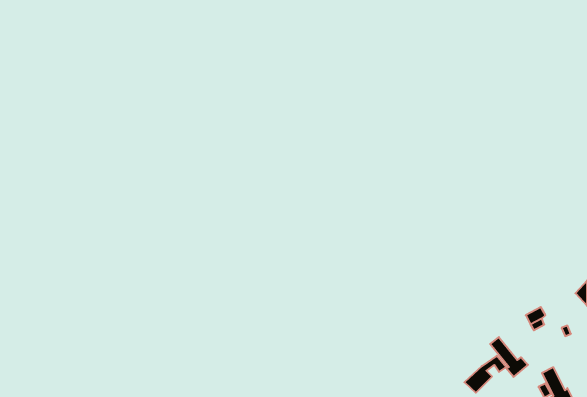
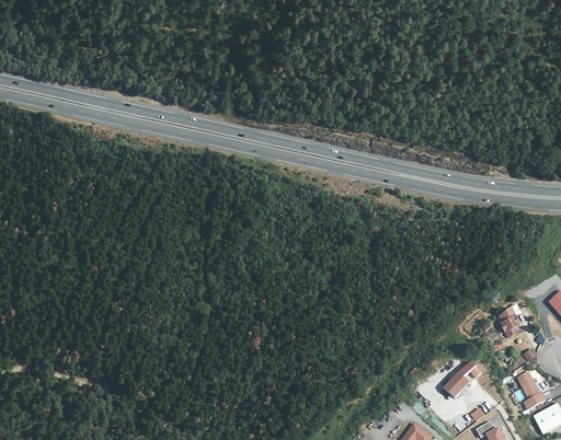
building: [490,337,528,377] -> none

